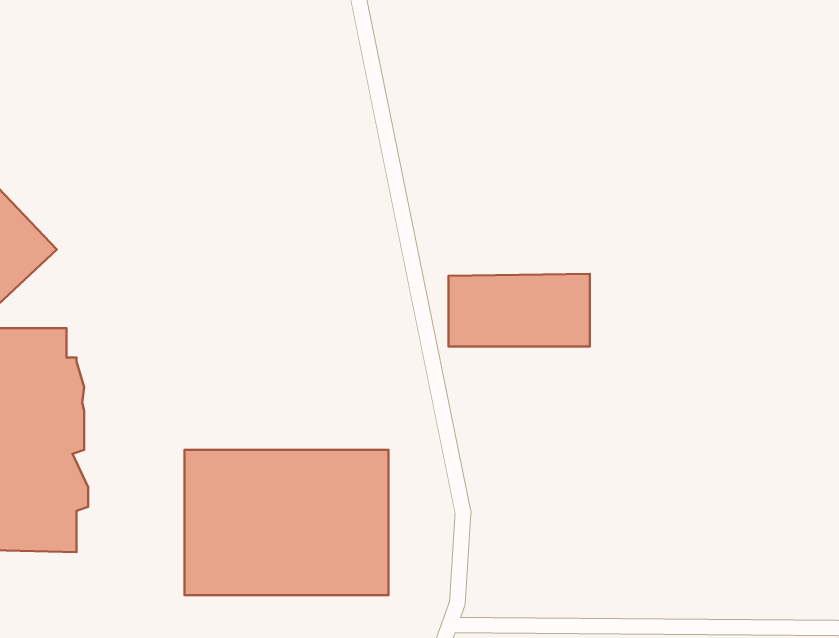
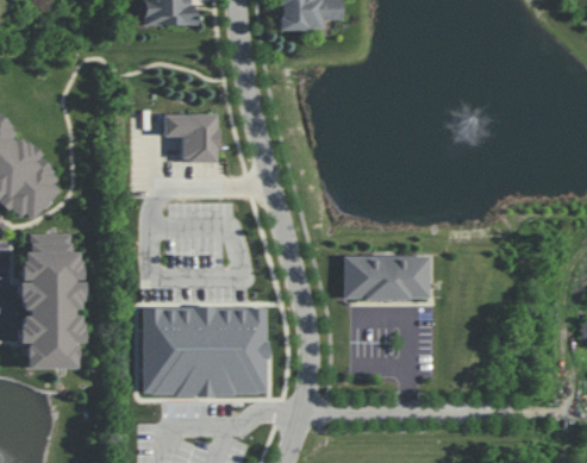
building: none -> [163,113,218,162]
building: [449,274,590,347] -> [344,255,430,299]

